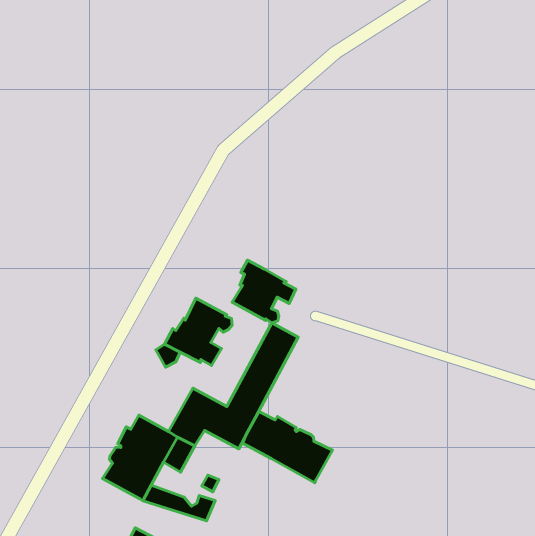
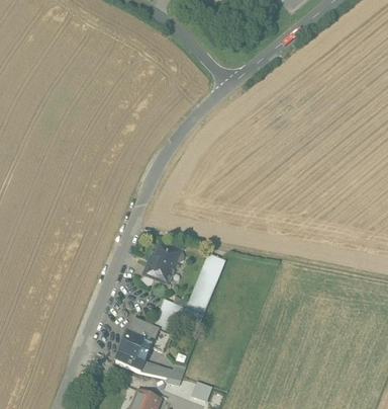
building: [232,260,296,323] -> none
building: [242,411,332,483] -> none

